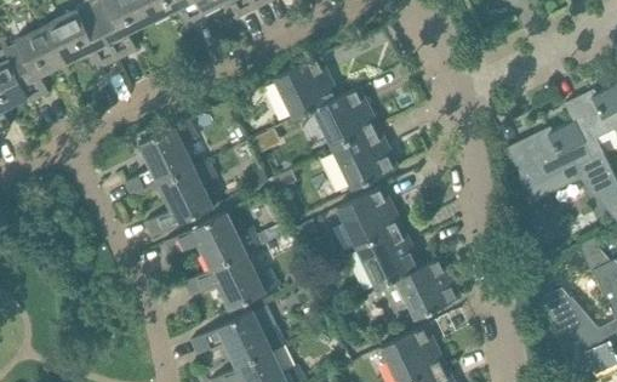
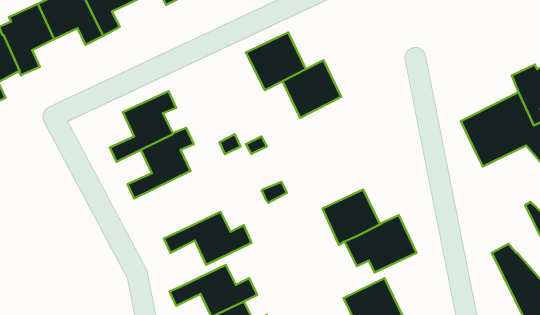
building: [333,126,398,189] -> none
building: [337,186,402,249] -> none
building: [165,212,261,269] -> none

